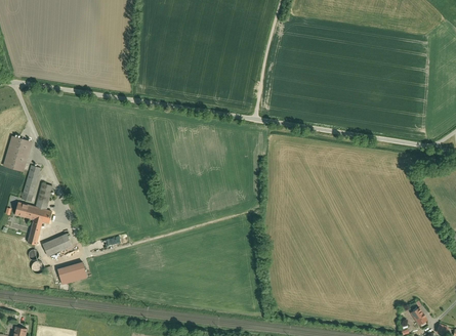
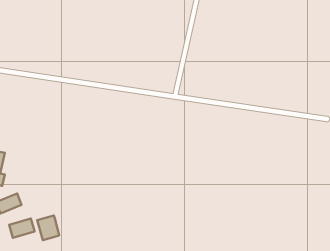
building: none -> [37,215,59,240]

